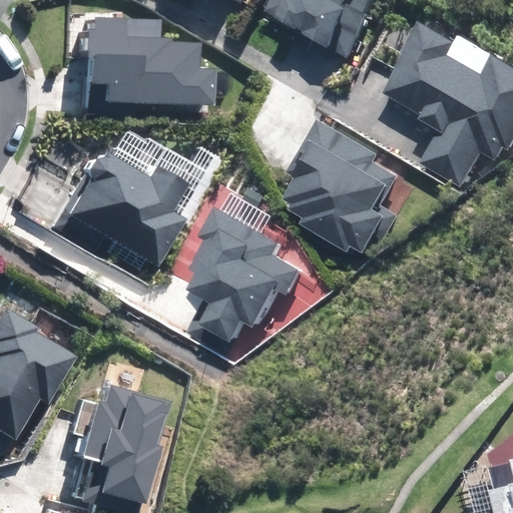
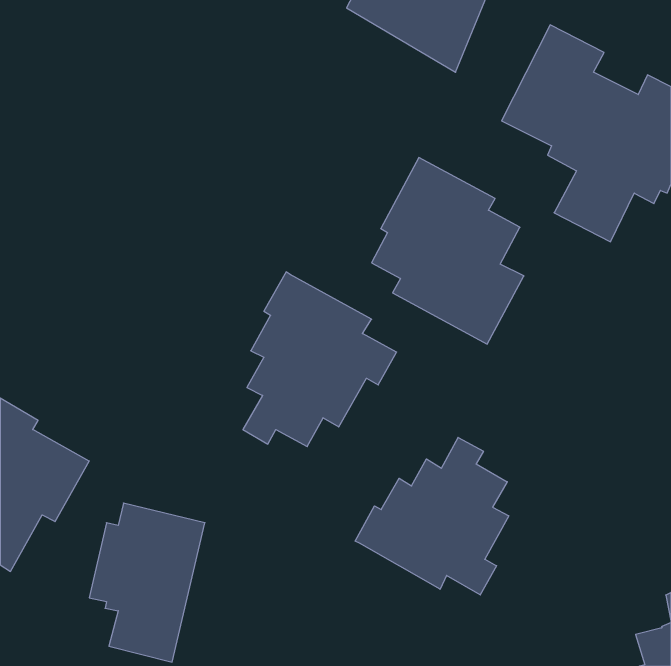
building: [64,17,200,116] -> none
building: [72,147,192,264] -> none
building: none -> [355,437,509,595]

